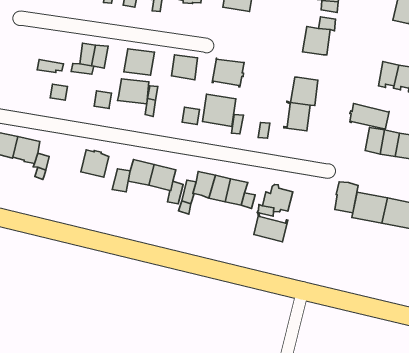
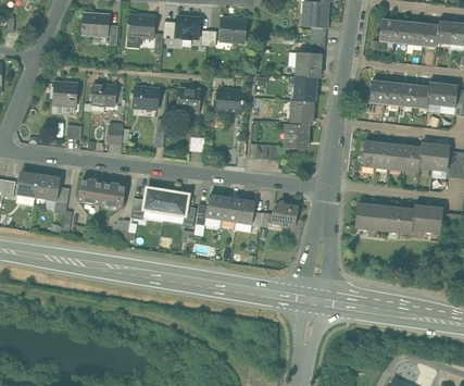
building: none -> [52,82,77,104]
building: none -> [293,76,316,101]
building: [117,79,149,104] -> none
building: [202,94,236,126] -> none
building: [350,103,389,130] -> none
building: none -> [77,179,103,203]
building: [335,182,358,213] -> none
building: [254,213,288,242] -> none

